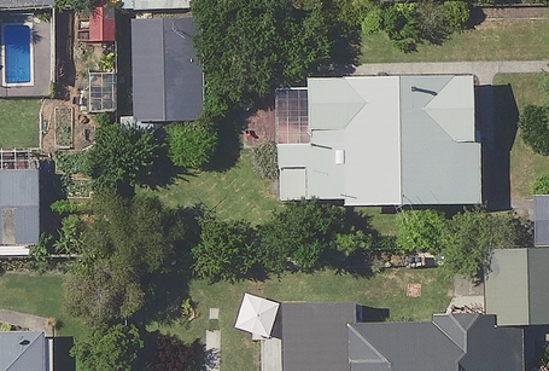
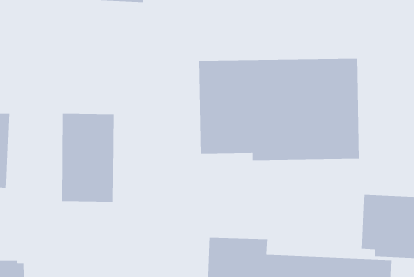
building: [132,17,199,131] -> [61,113,114,203]

